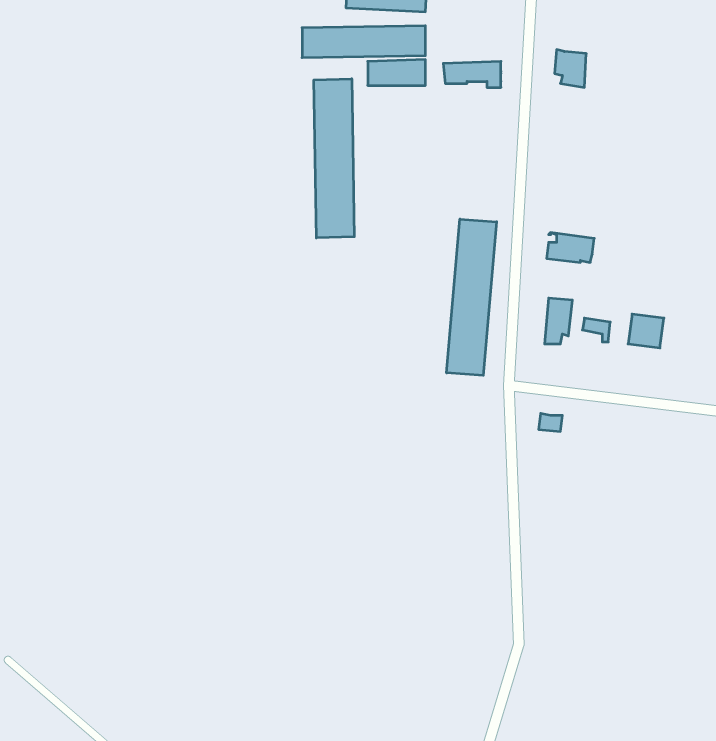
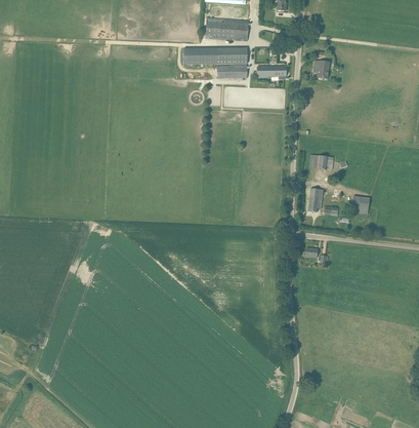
building: [314,79,354,238] -> none
building: [447,219,497,375] -> none

